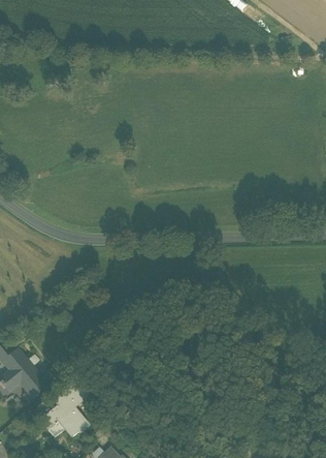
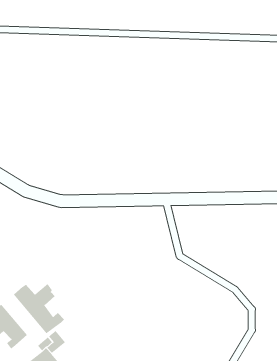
building: none -> [13,283,65,334]

